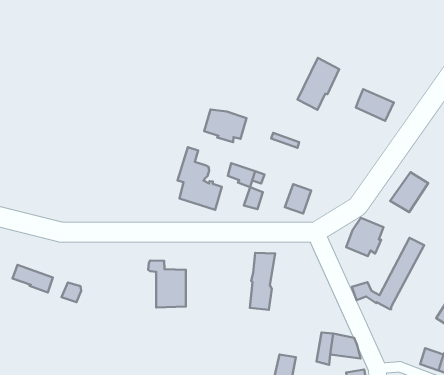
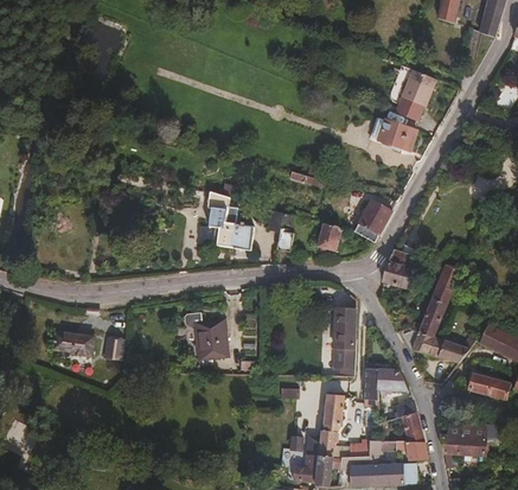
building: [297,58,339,110] -> [397,68,436,120]
building: [204,110,246,142] -> none
building: [390,172,428,212] -> [354,201,391,241]
building: [250,253,275,310] -> [334,307,356,364]
building: none -> [414,332,475,363]

